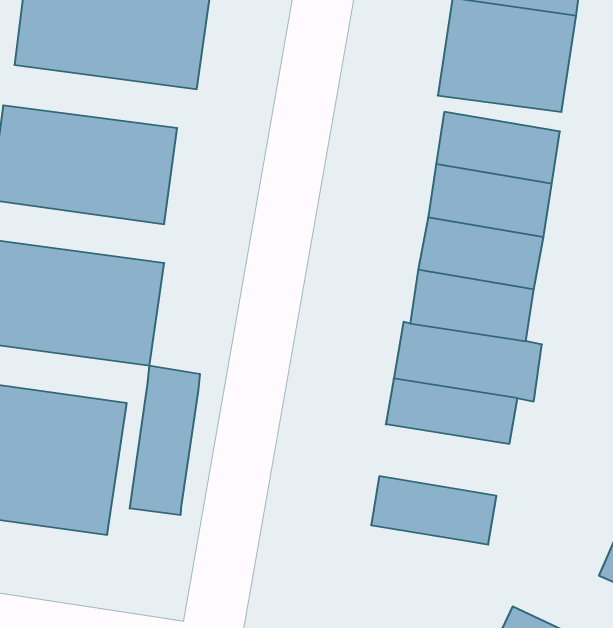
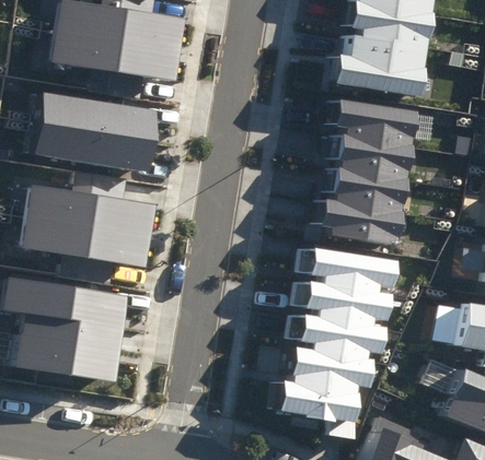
building: [130,366,200,515] -> none
building: none -> [295,307,382,355]
building: none -> [272,373,355,423]

